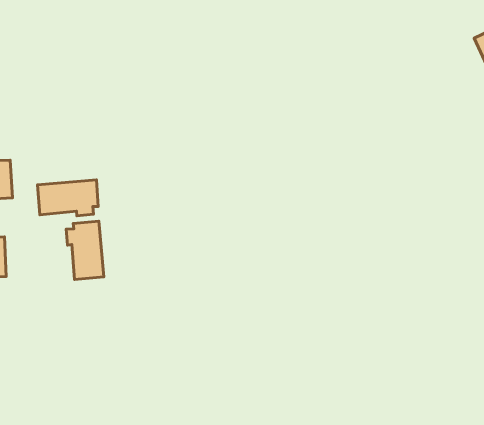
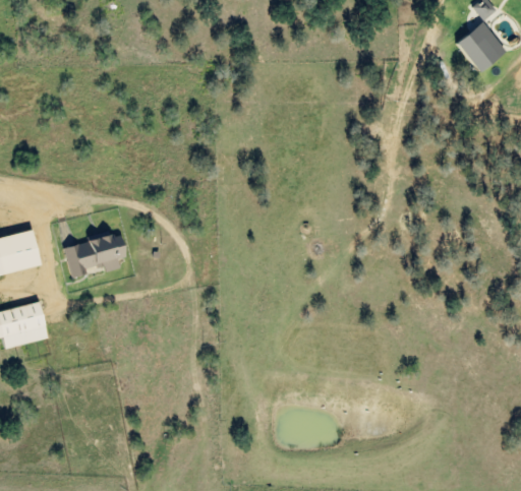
building: [66,221,104,280] -> none

